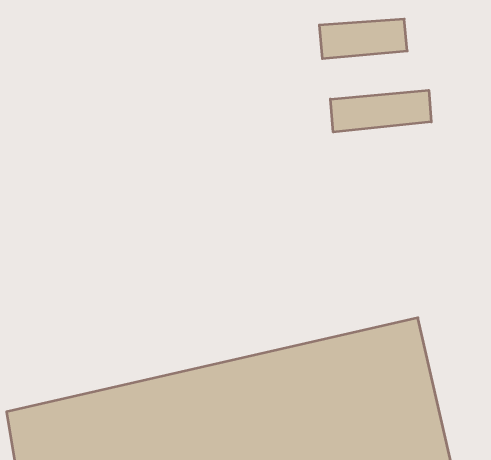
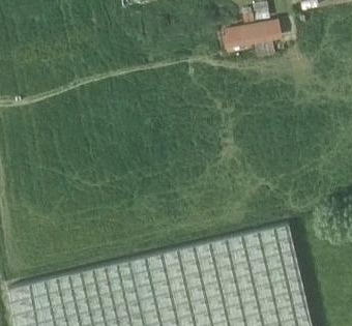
building: [330,90,431,132] -> none

